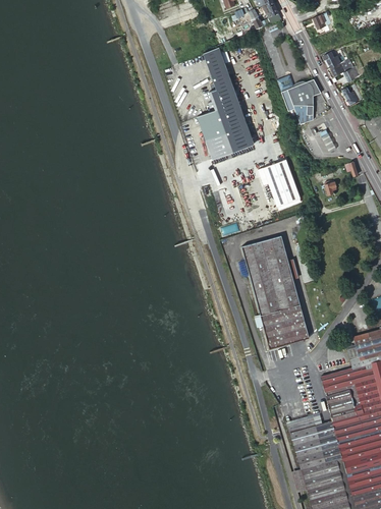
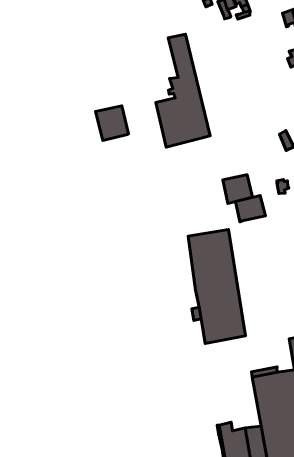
building: [288,79,321,124] -> none
building: none -> [96,106,128,140]
building: [263,161,293,188] -> [236,195,266,222]

